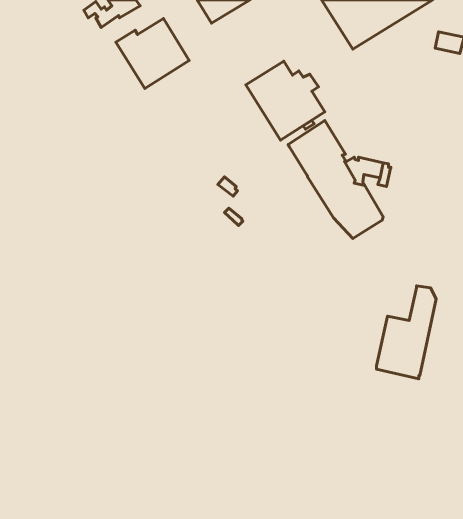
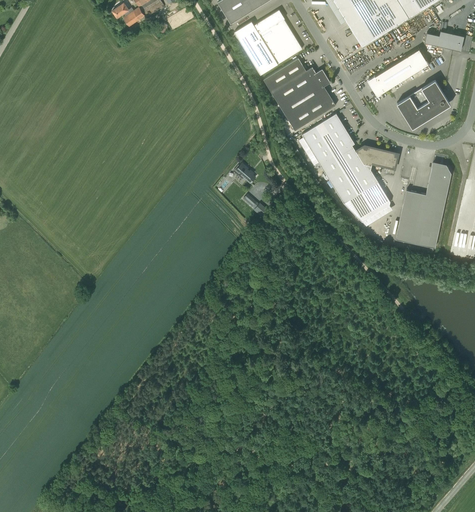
building: [116,18,189,89] -> [234,10,302,75]
building: none -> [367,54,422,96]
building: none -> [397,81,445,128]
building: [377,286,436,379] -> [396,162,451,248]

